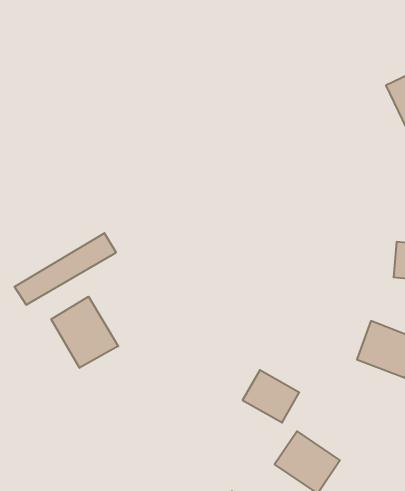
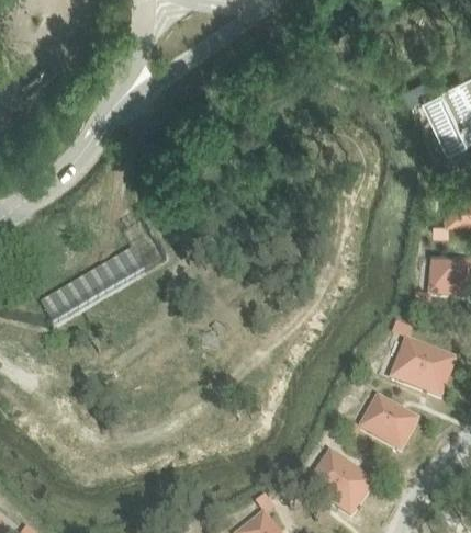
building: [51,297,118,368] -> none
building: [243,370,299,423] -> [359,394,417,447]

